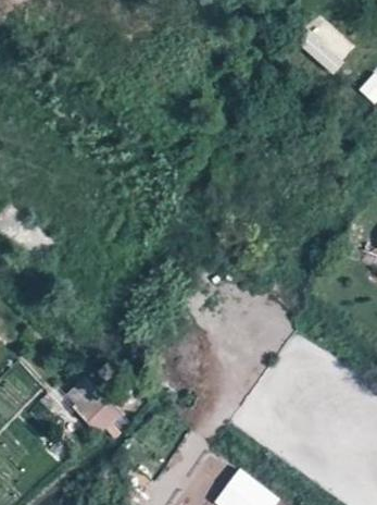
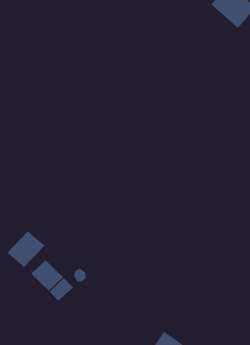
building: none -> [6,230,45,268]

